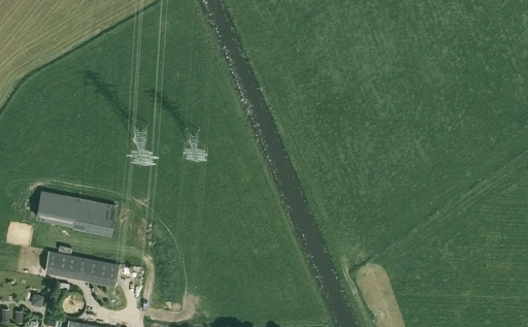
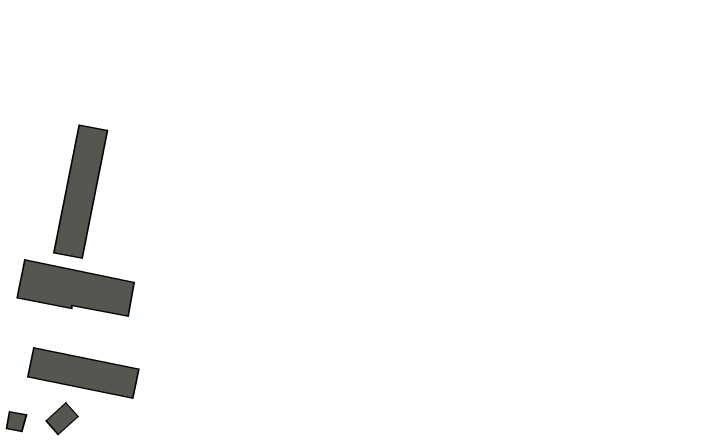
building: none -> [54,125,108,258]

